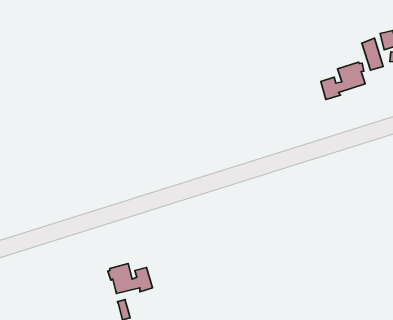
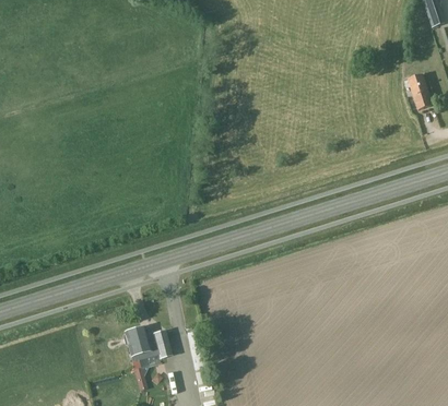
building: [321,62,365,99] -> none

